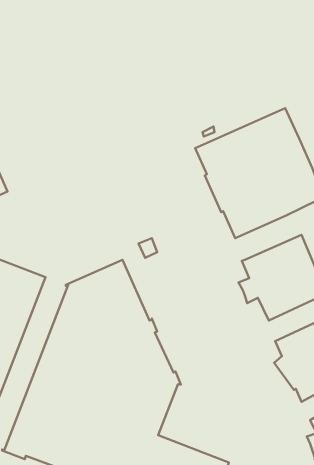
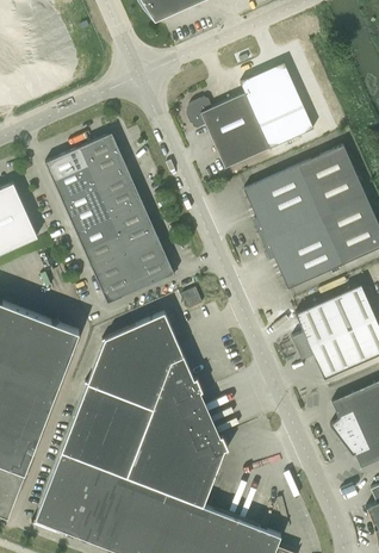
building: none -> [187,55,327,170]
building: none -> [46,135,175,305]

